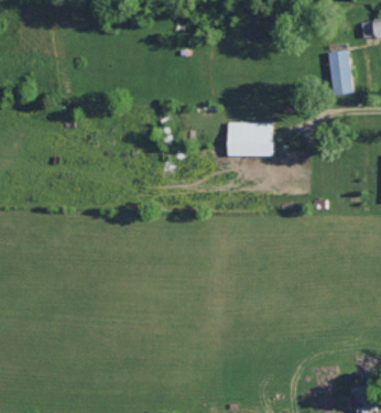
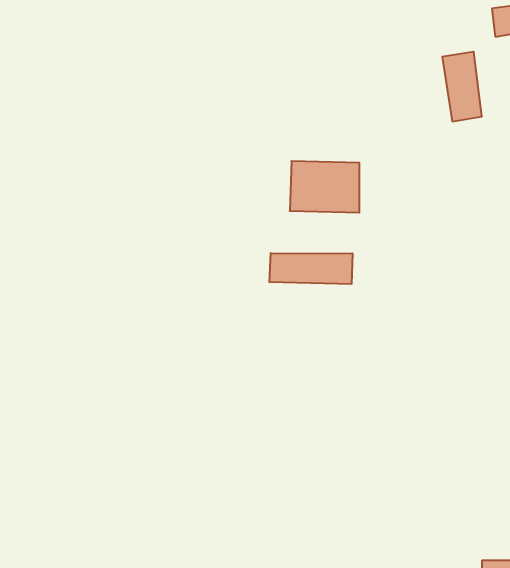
building: none -> [270,253,352,284]

